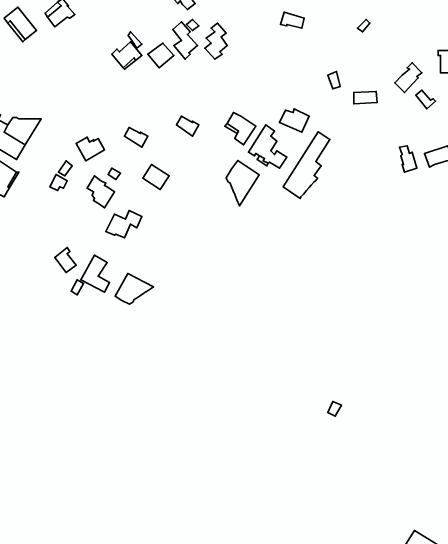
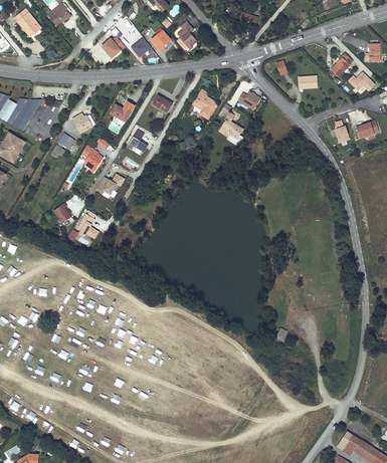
building: [283,132,330,199] -> none
building: [226,160,259,206] -> none
building: [115,273,153,304] -> none

